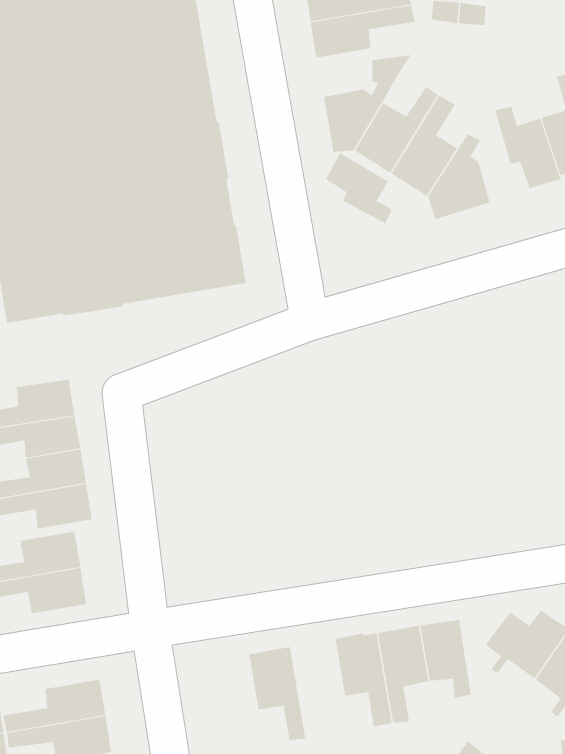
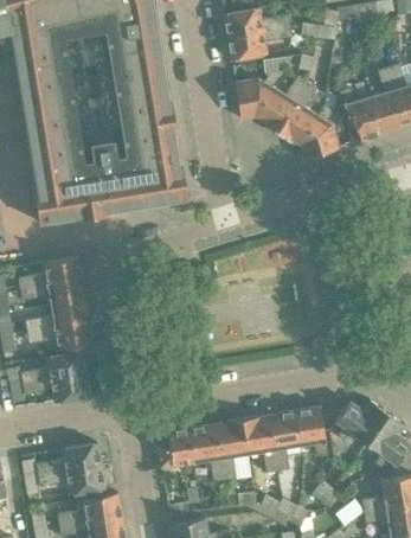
building: [325,152,392,224] -> none
building: none -> [214,418,248,480]
building: none -> [156,428,194,468]

